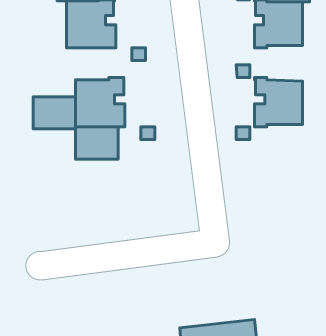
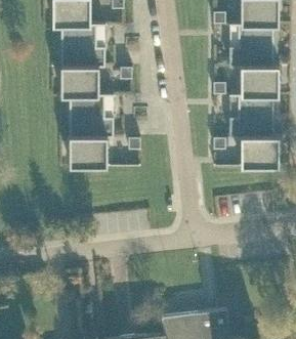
building: none -> [240,66,278,97]
building: [33,97,76,129] -> [60,68,98,96]
building: none -> [240,136,278,167]

